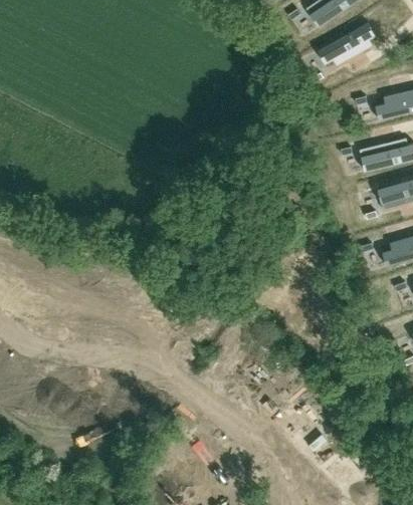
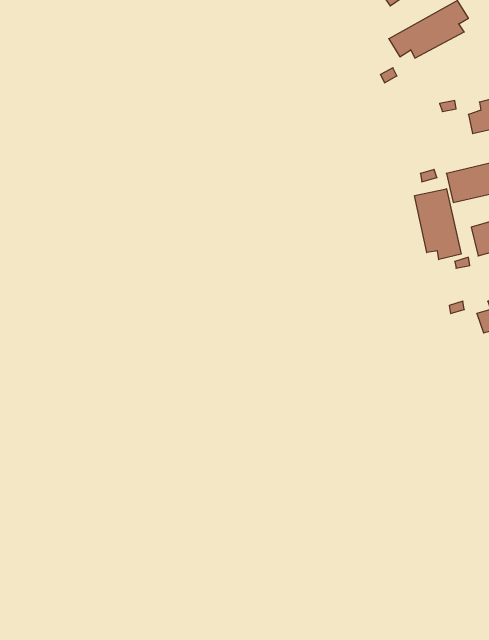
building: none -> [415,189,461,260]

